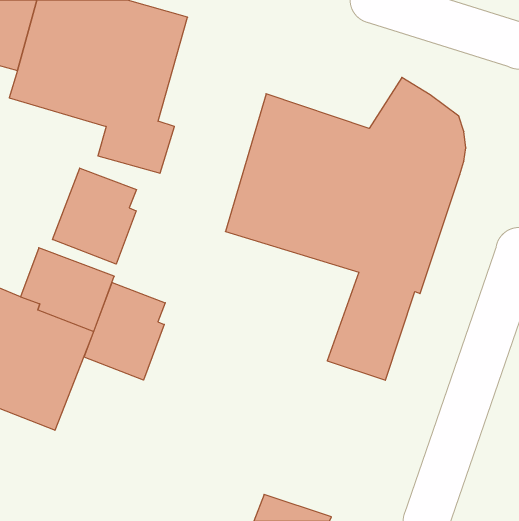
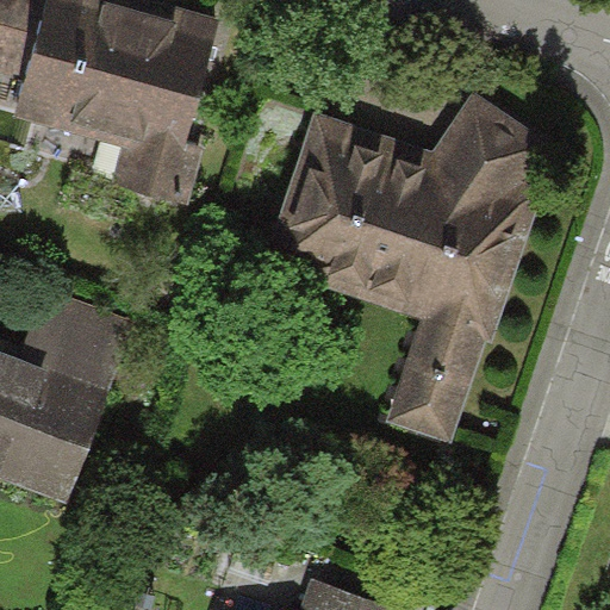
building: [53,168,136,264] -> none
building: [84,282,165,380] -> none

